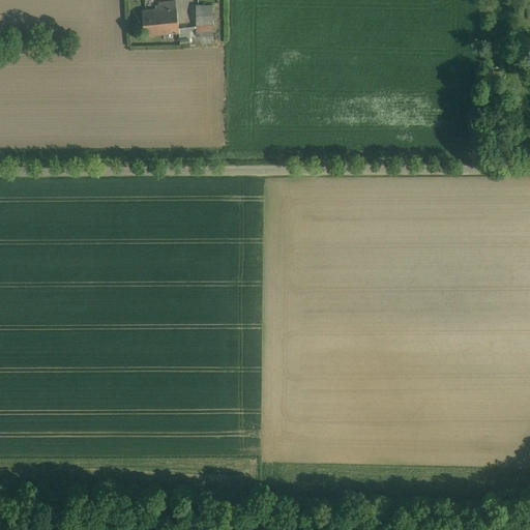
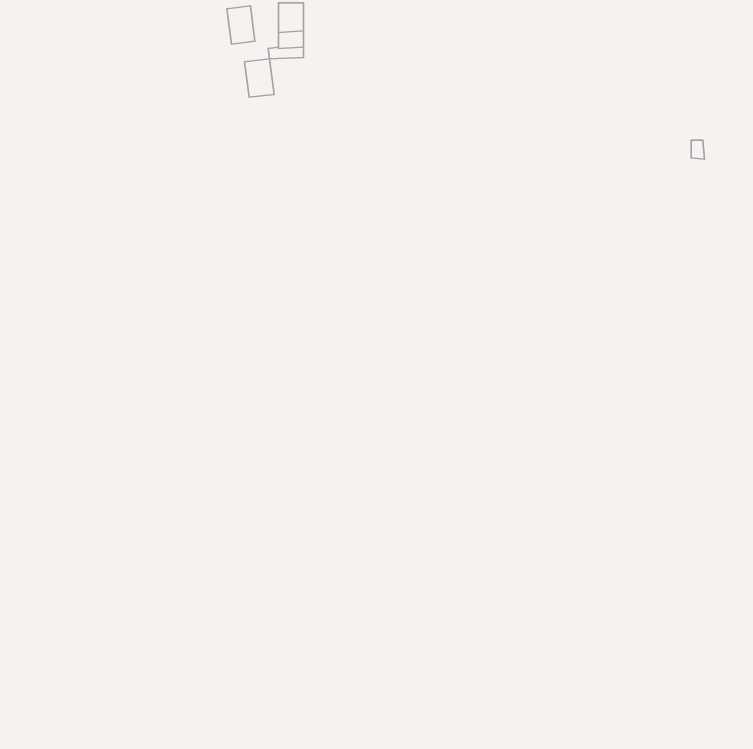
building: [142,6,163,33] -> [245,59,274,97]

